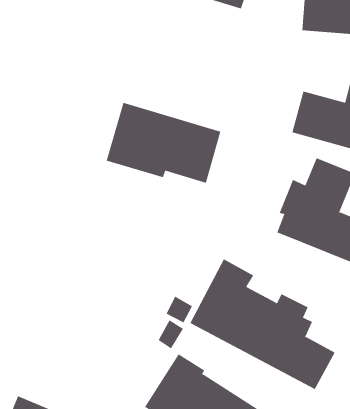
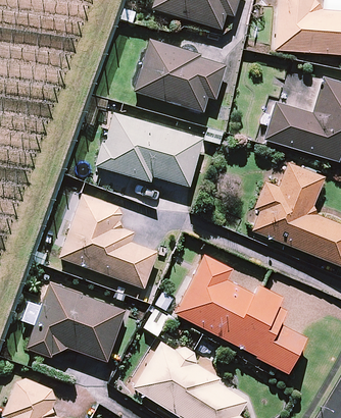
building: none -> [134,40,225,112]
building: none -> [60,195,156,288]
building: none -> [27,283,125,361]

